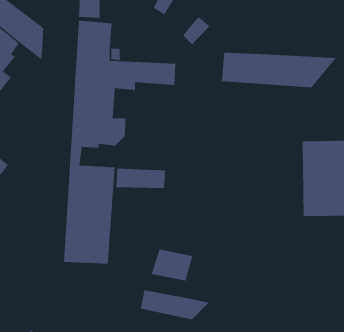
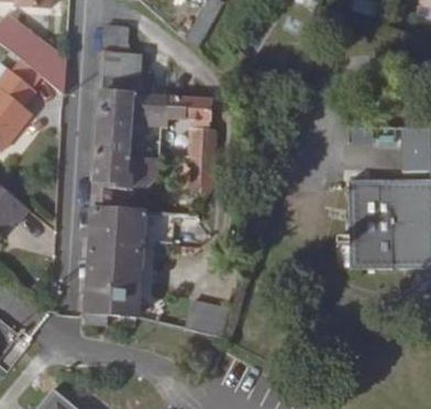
building: [222,52,337,88] -> none
building: none -> [173,126,214,192]
building: [140,290,210,320] -> none

